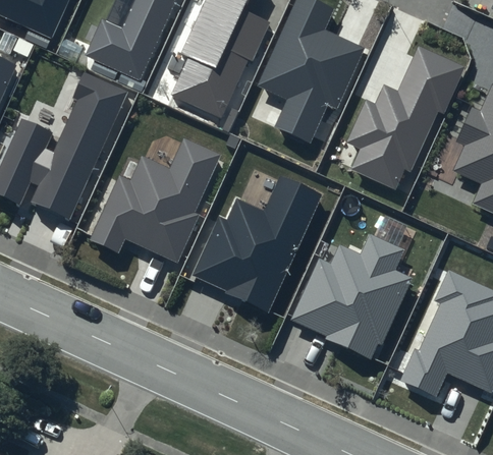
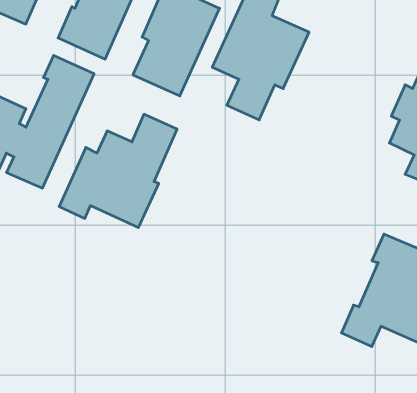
building: [346,46,465,189] -> none
building: [190,176,322,312] -> none
building: [291,234,413,360] -> none

